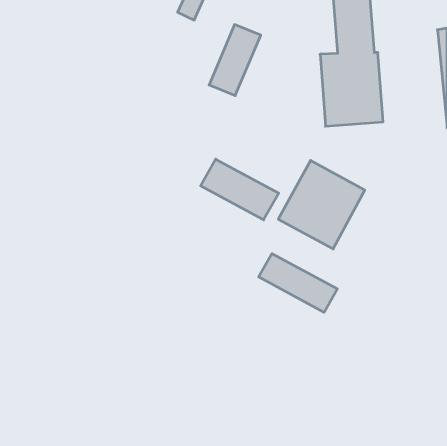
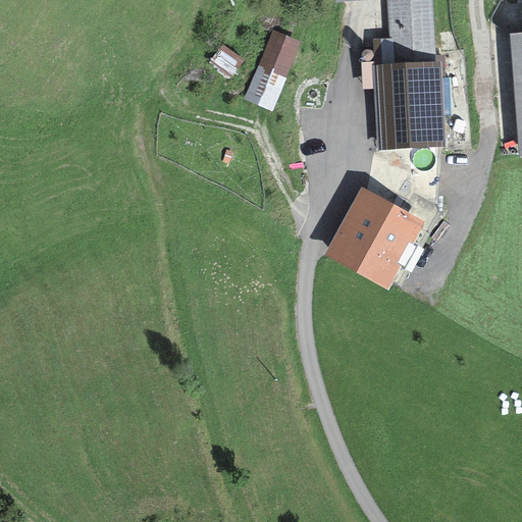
building: [201,159,279,220] -> none
building: [259,254,337,312] -> none

